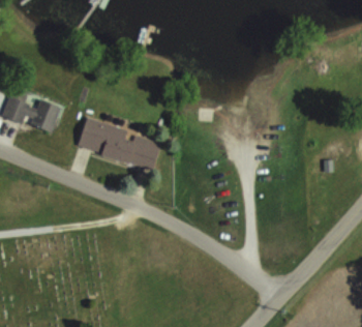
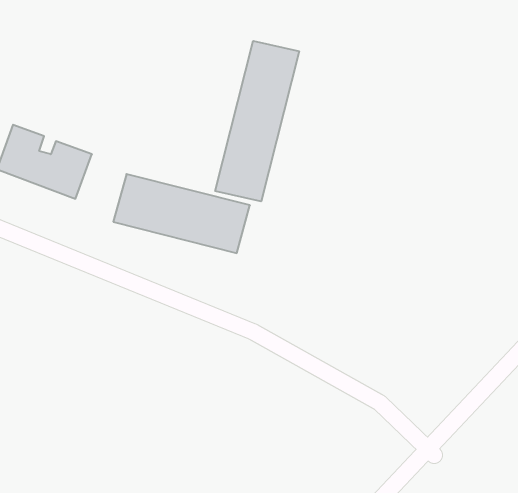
building: none -> [215,41,299,201]

